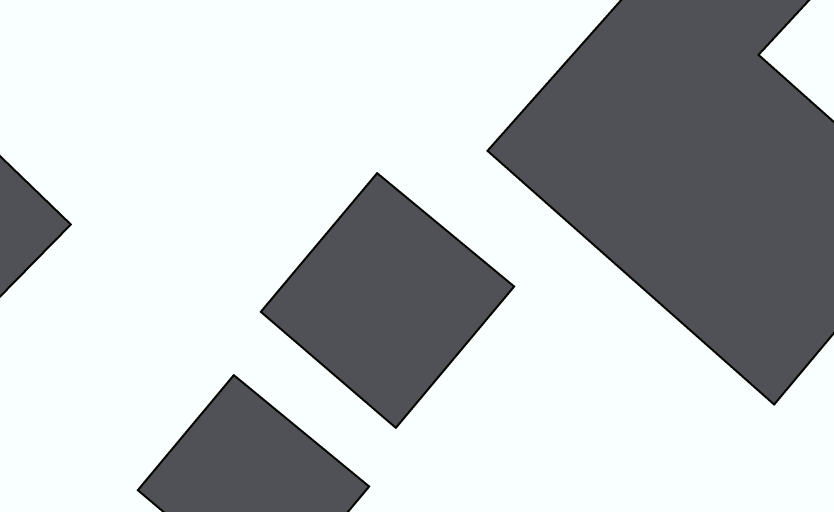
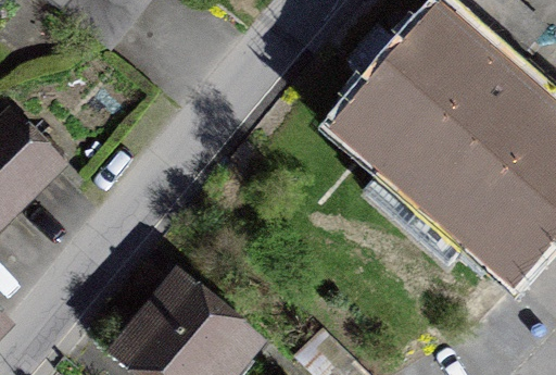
building: [261,173,514,428] -> none

